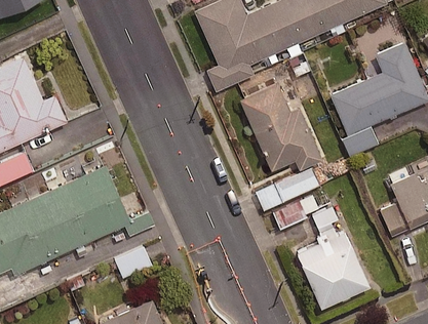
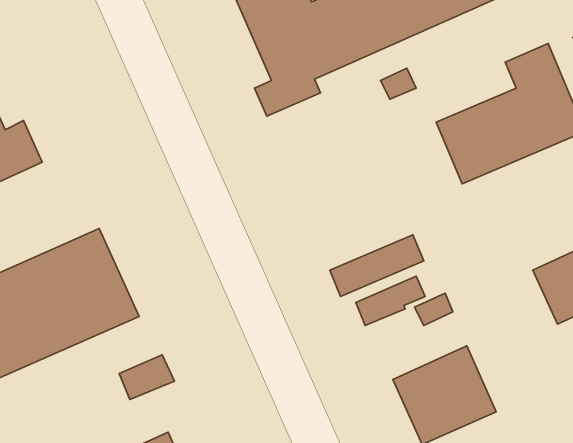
building: [240,83,322,170] -> none

